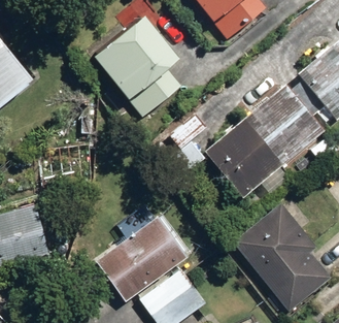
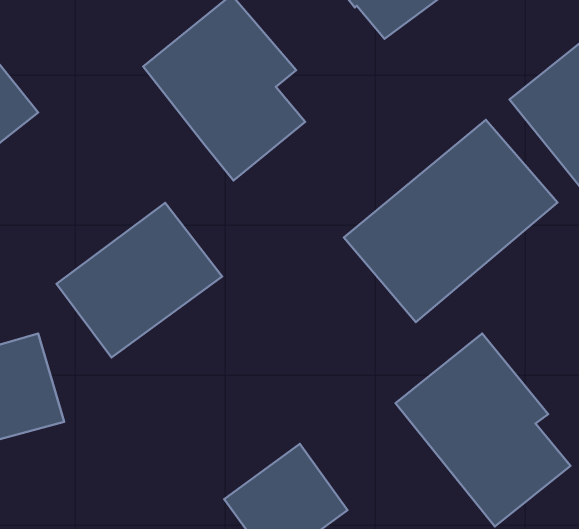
building: [95,215,188,301] -> [56,203,222,357]

